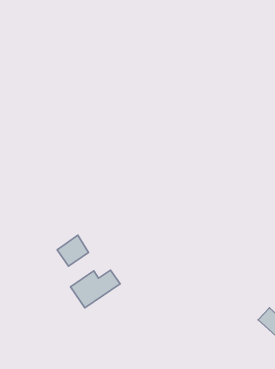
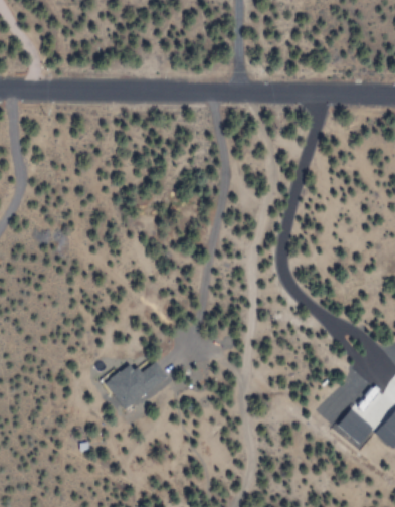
building: [57,235,89,266] -> none

